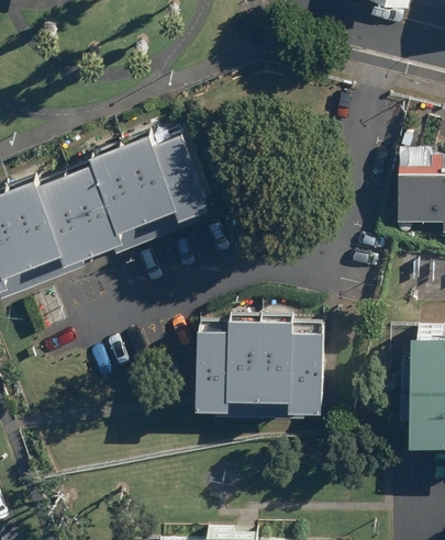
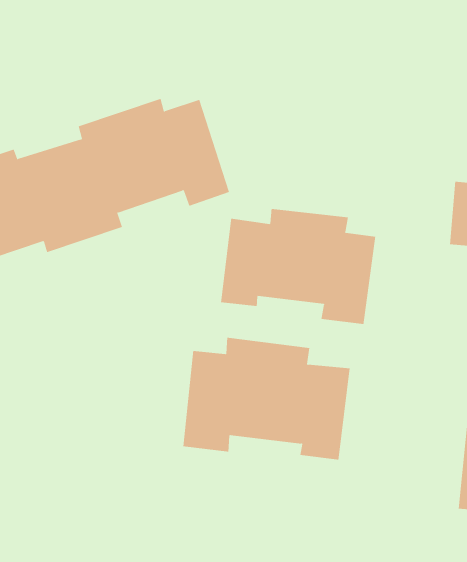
building: none -> [221,208,376,325]

